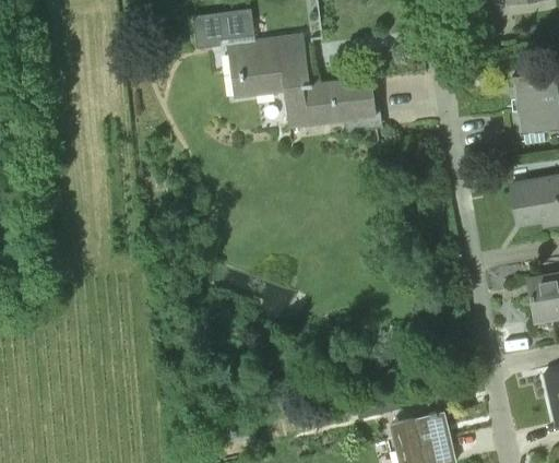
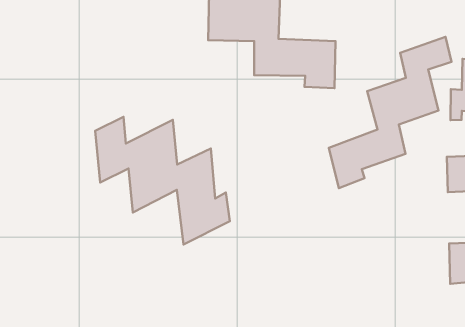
building: none -> [329,37,452,188]
building: none -> [95,117,230,244]

